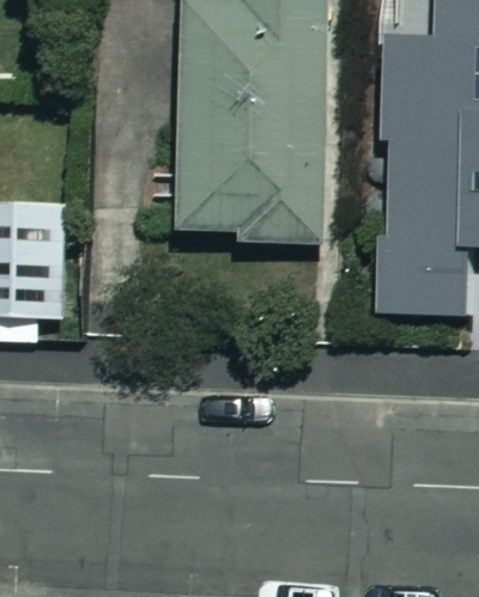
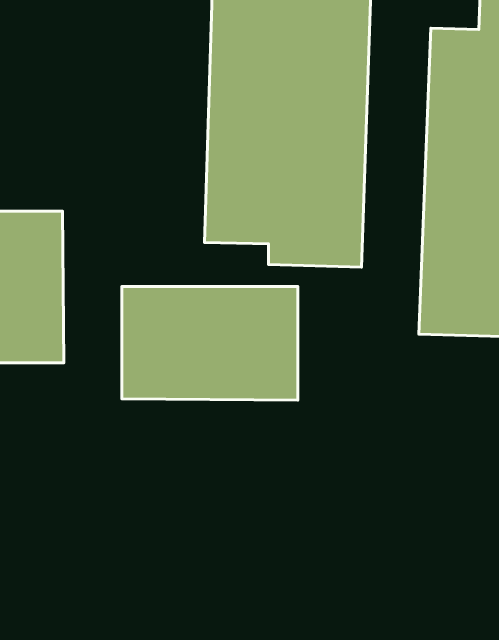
building: none -> [122,286,298,400]

